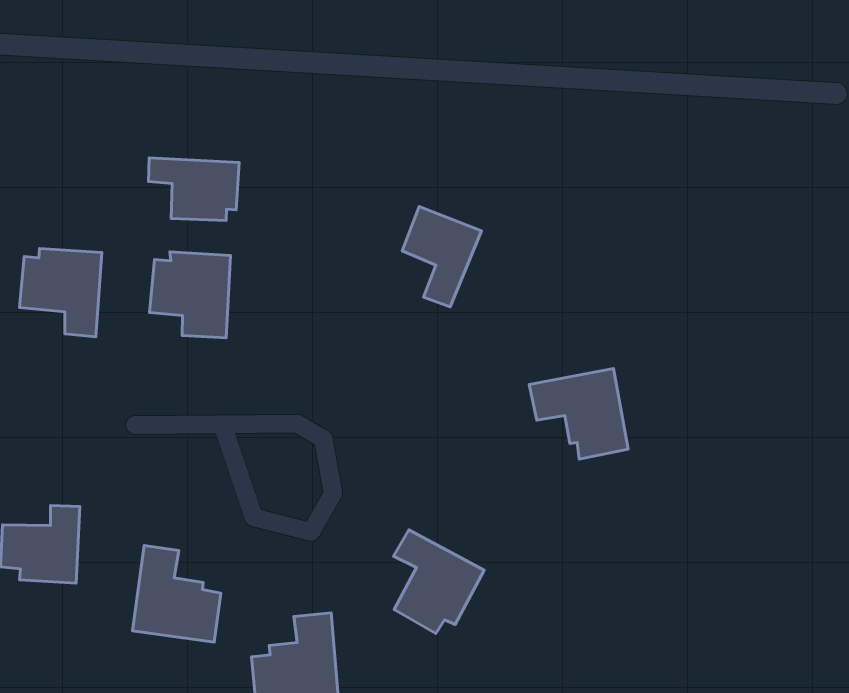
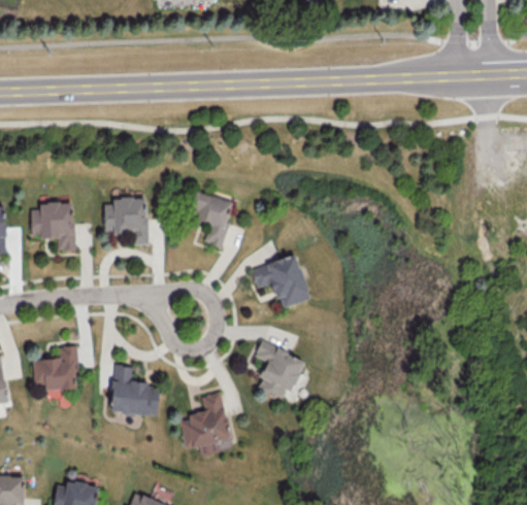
building: [149,158,239,220] -> none
building: [402,207,481,307] -> [191,193,234,247]
building: [529,369,628,459] -> [251,256,309,308]

